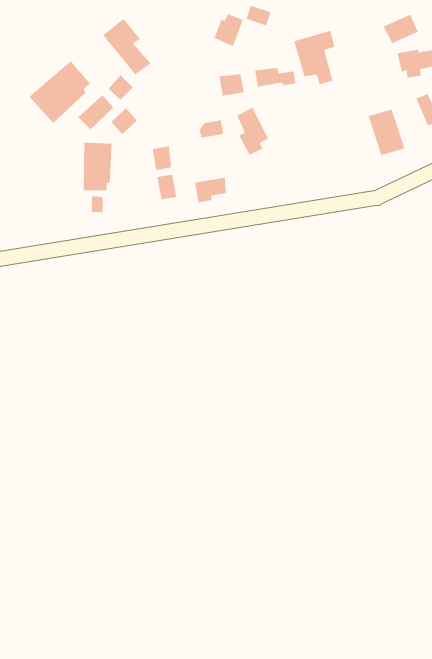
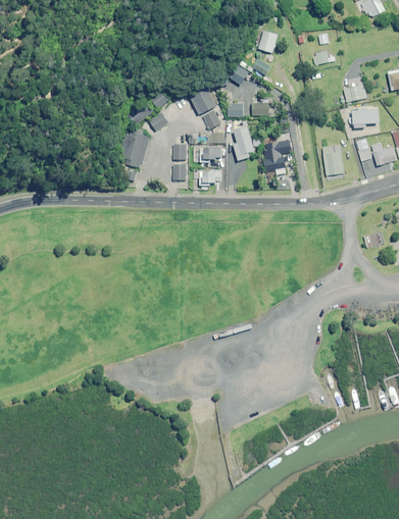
building: [102,18,151,75] -> [192,89,221,128]
building: [293,30,335,85] -> [263,139,291,174]
building: [29,60,91,124] -> none
building: none -> [193,145,220,162]

